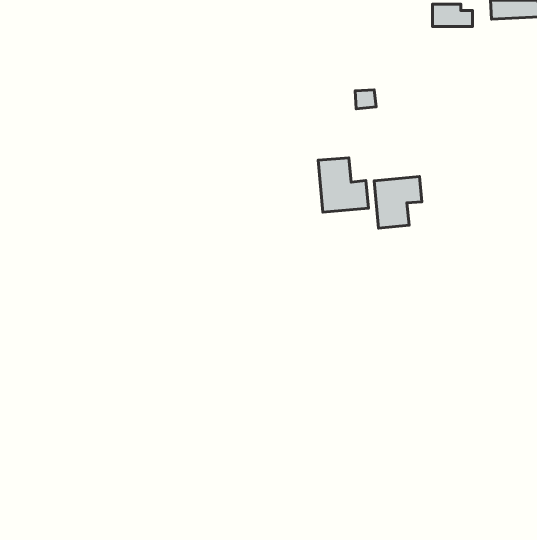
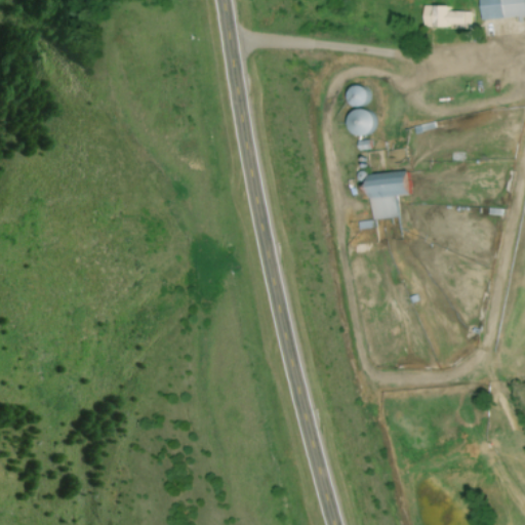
building: none -> [347,109,372,134]
building: [318,158,368,212] -> none

